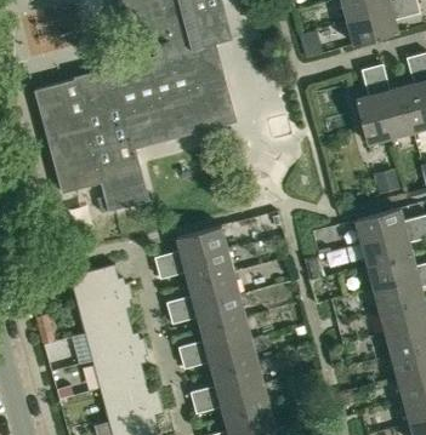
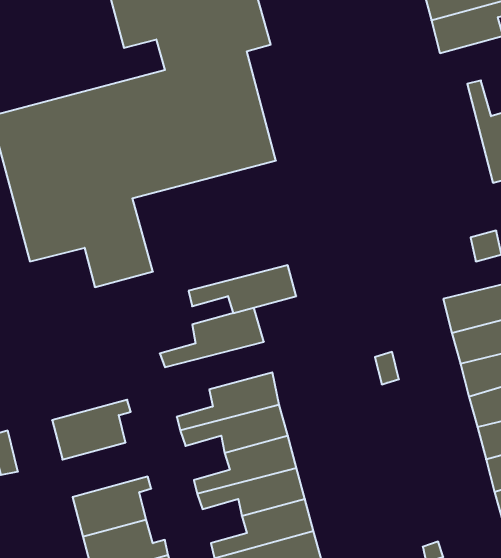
building: [356,67,391,143] -> none
building: [158,250,234,284] -> [189,265,296,313]
building: [70,264,131,305] -> none
building: [85,321,146,360] -> none

